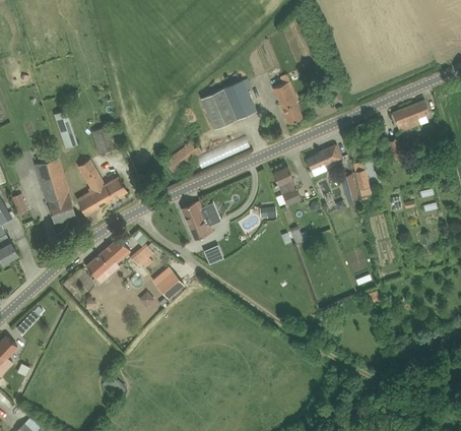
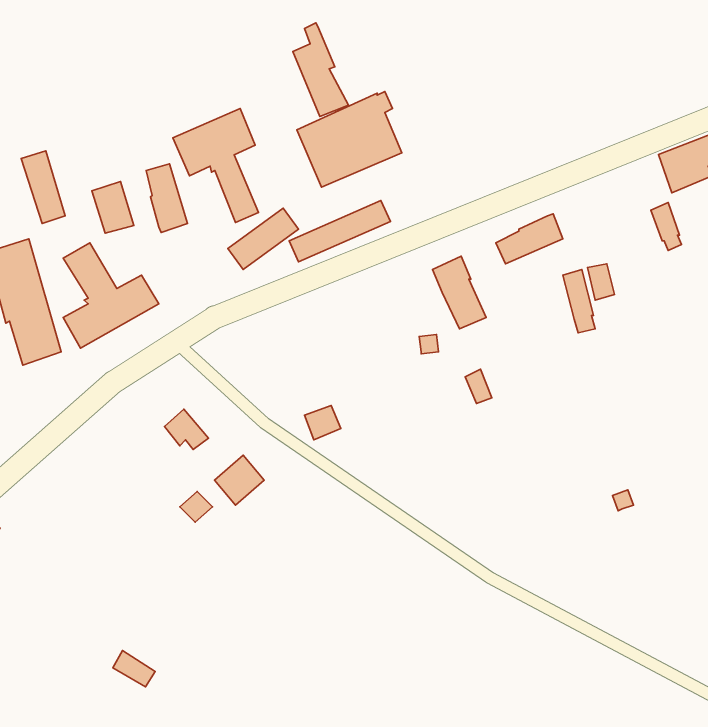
building: [273,74,303,124] -> [293,23,348,117]
building: none -> [173,109,259,222]
building: none -> [146,164,187,233]
building: [181,202,212,239] -> none
building: [85,237,130,278] -> none

